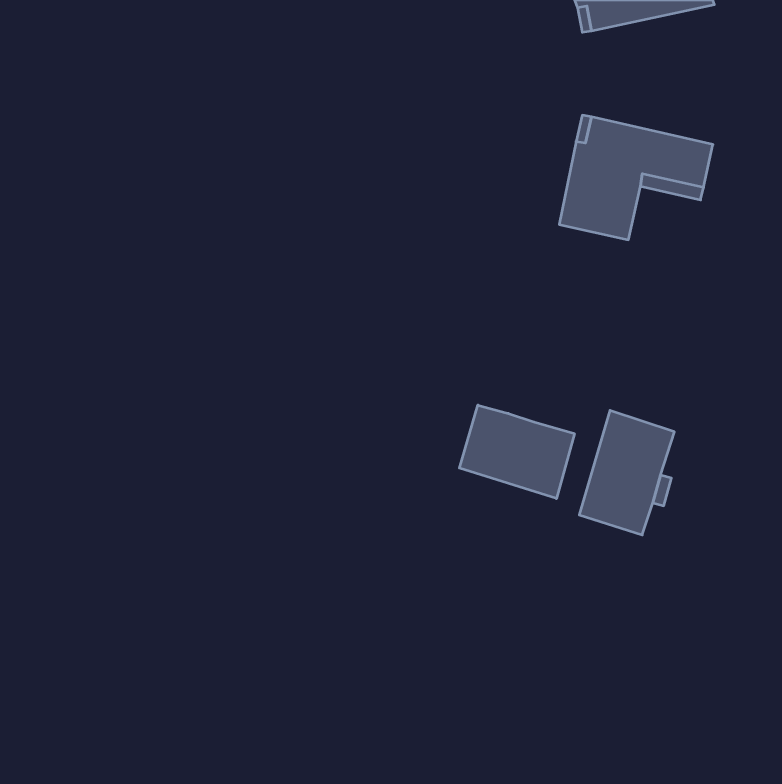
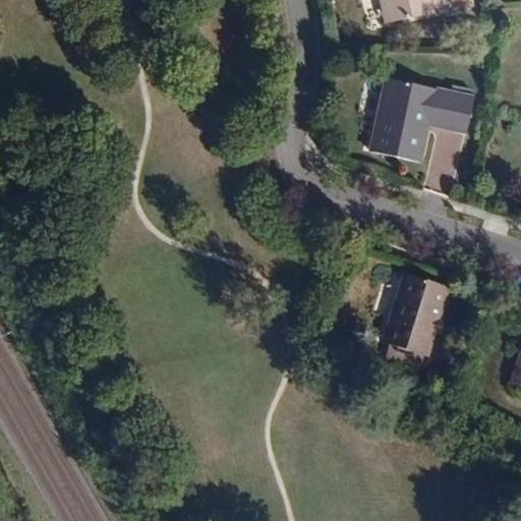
building: [459,405,574,499] -> none

